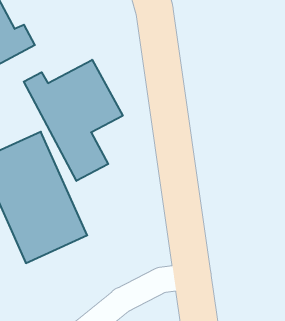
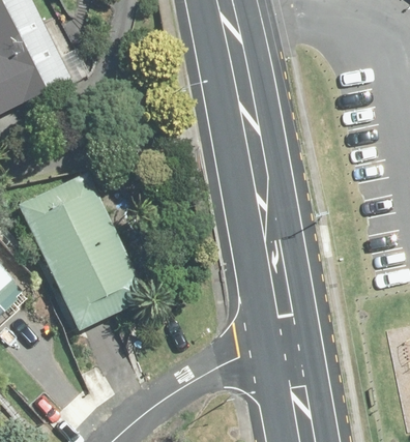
building: [24,60,123,181] -> none

